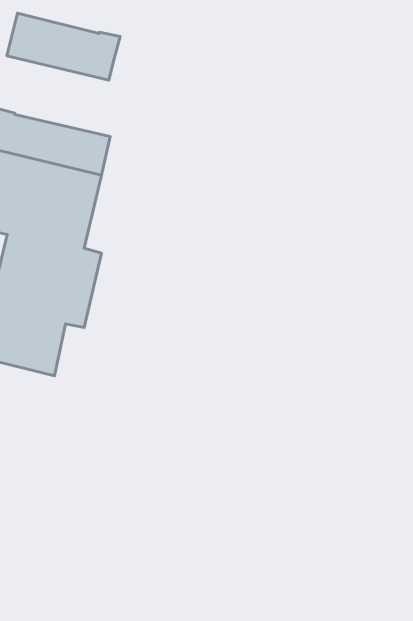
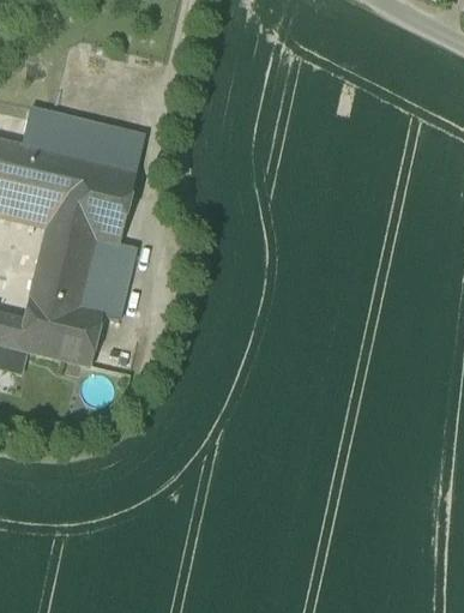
building: [7,13,120,80] -> none

